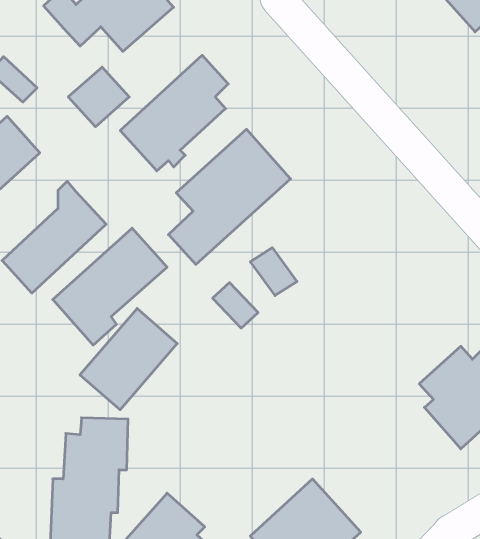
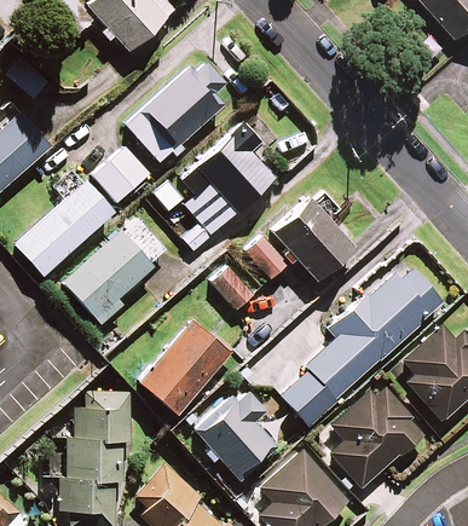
building: [68,67,129,127] -> [93,146,150,202]
building: none -> [271,197,352,279]
building: none -> [279,261,444,427]
building: [80,308,177,410] -> [139,320,230,415]
building: none -> [329,386,424,487]
building: none -> [195,387,277,481]

